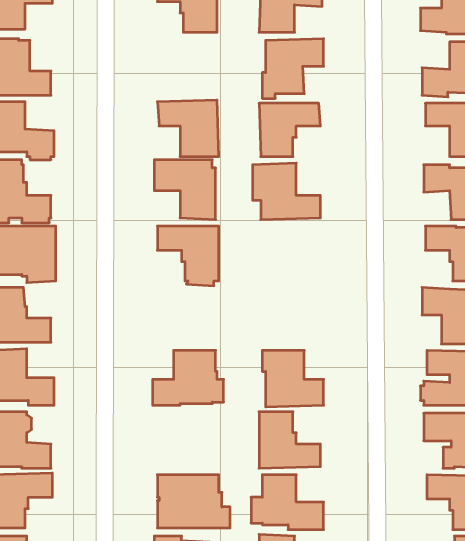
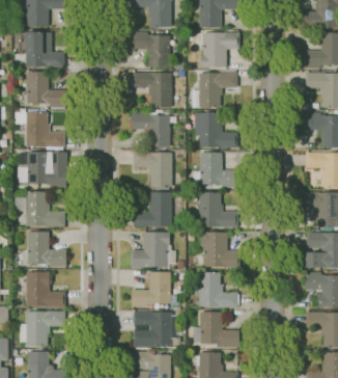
building: none -> [131,29,170,66]
building: none -> [192,152,242,188]
building: none -> [133,191,173,226]
building: none -> [198,192,237,227]
building: none -> [131,271,178,306]

